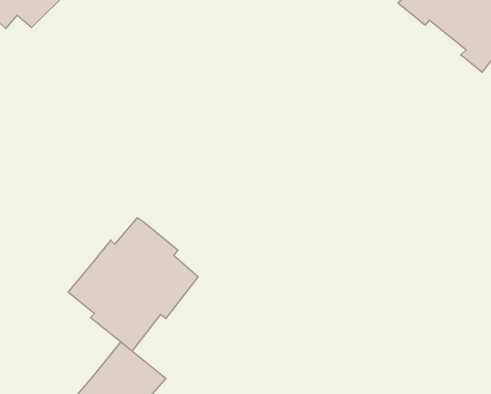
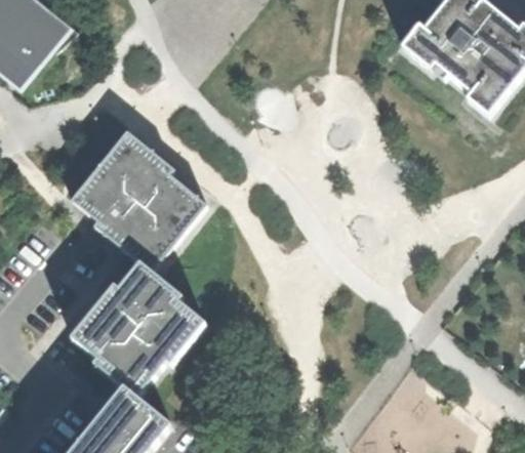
building: none -> [71,135,204,265]

